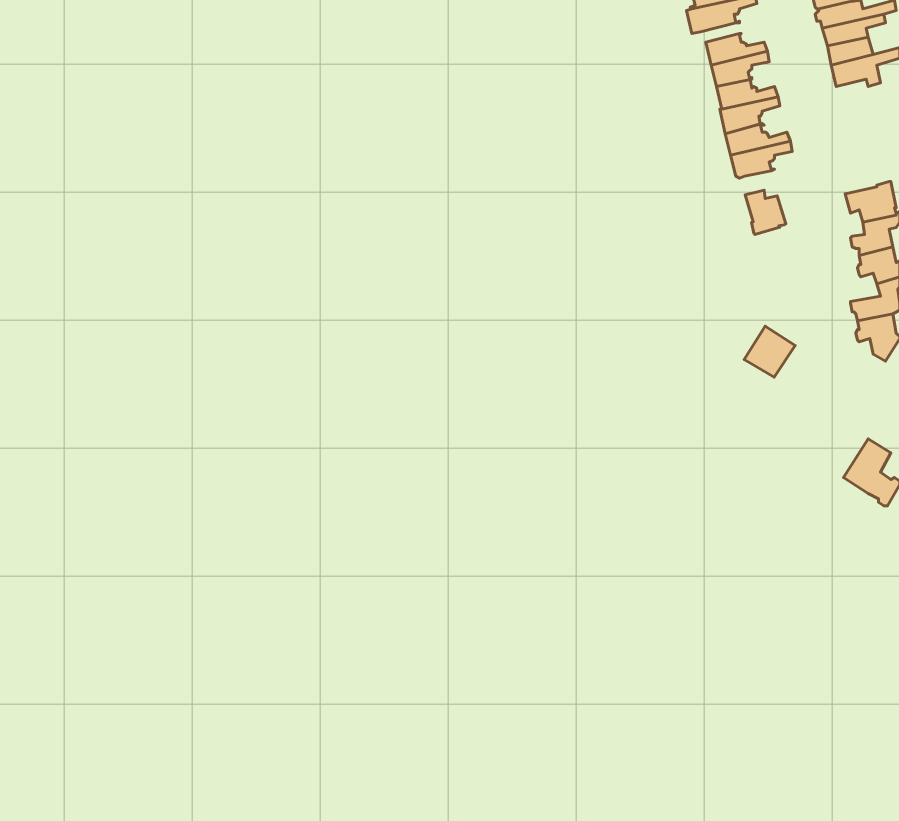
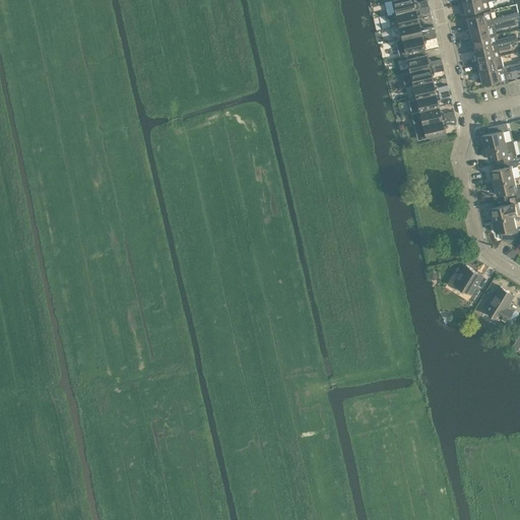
building: none -> [482,124,513,147]
building: [745,190,786,235] -> none
building: [744,326,795,377] -> [455,265,484,295]

